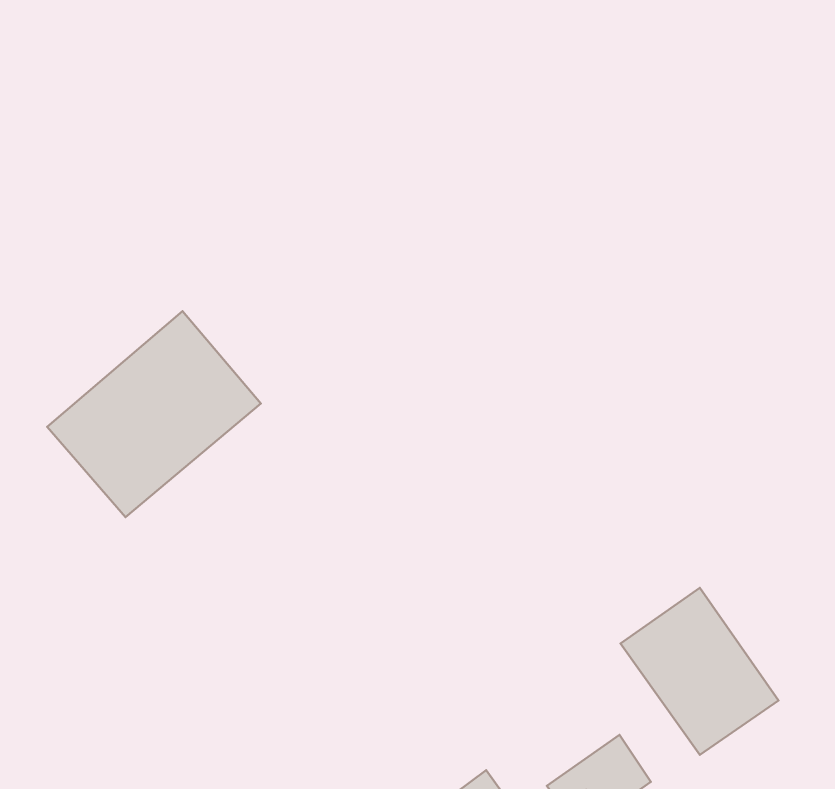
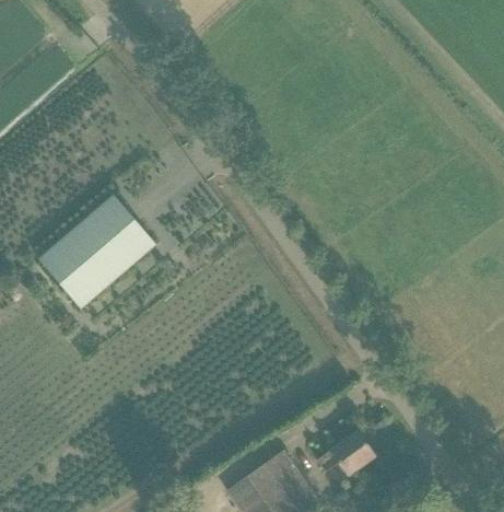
building: [621,588,779,755] -> none

